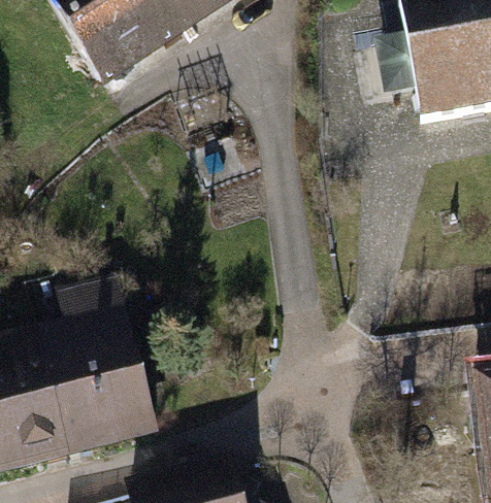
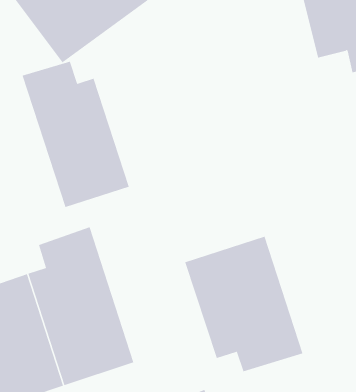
building: none -> [22,61,129,208]
building: none -> [184,236,303,372]

